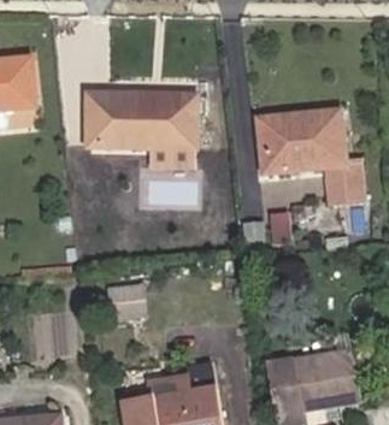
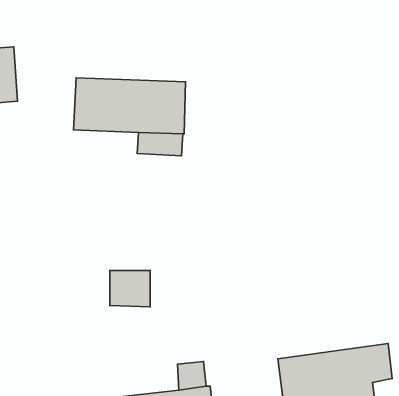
building: [263,123,363,217] -> none

